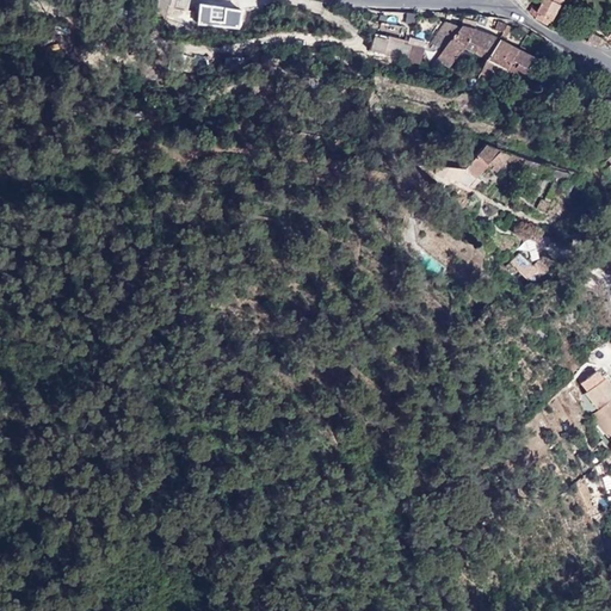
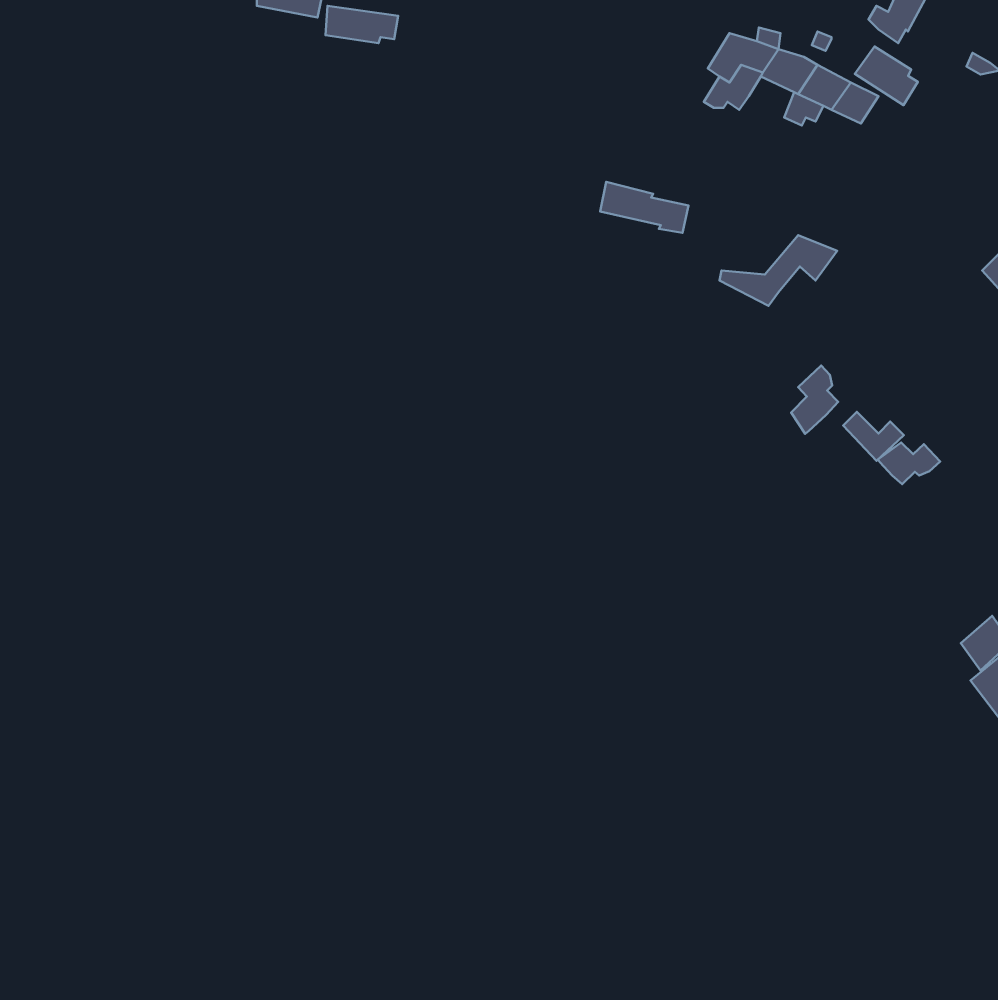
building: none -> [855,46,918,105]
building: [372,32,426,63] -> [600,182,688,233]
building: none -> [791,365,838,434]
building: none -> [878,443,940,484]

